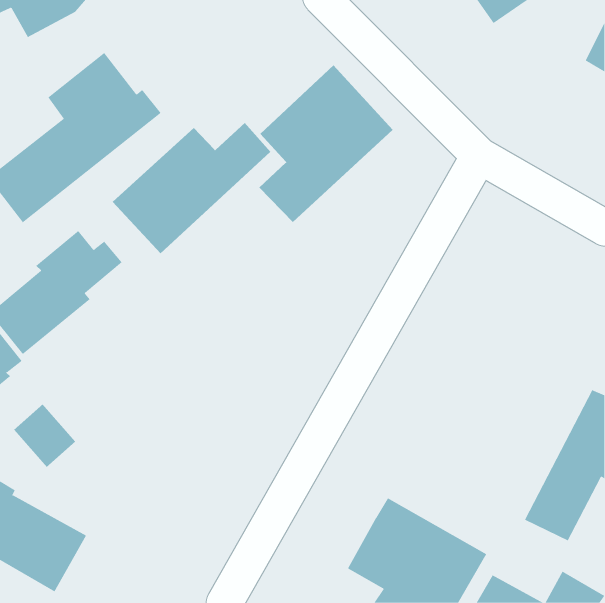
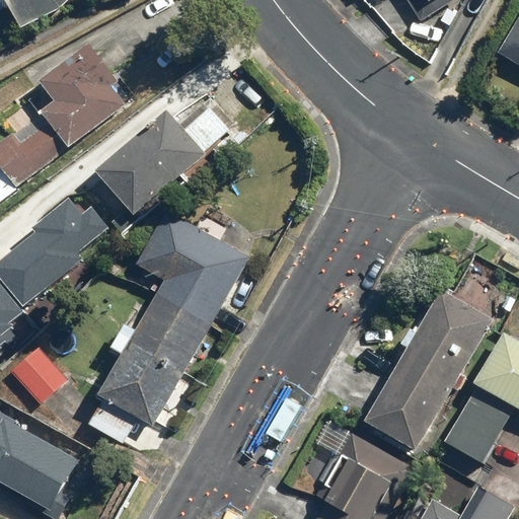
building: [259,64,394,223] -> none
building: none -> [89,208,246,439]
building: none -> [367,292,494,454]

